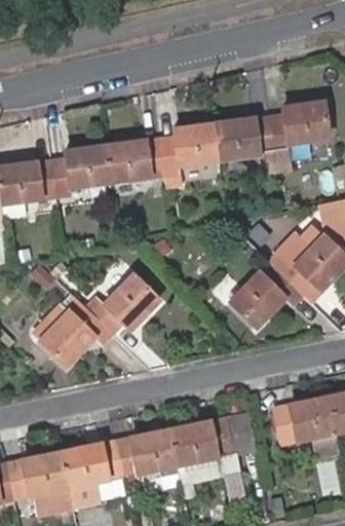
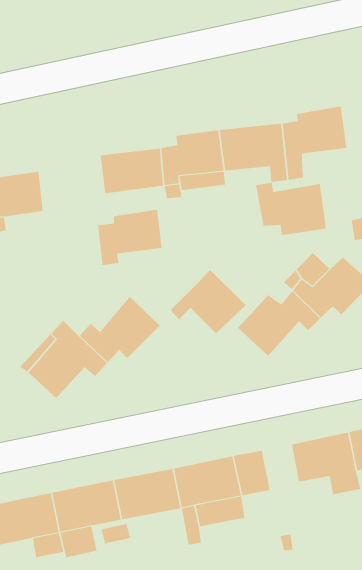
building: [49,147,108,197] -> [97,209,163,265]
building: none -> [256,182,326,236]
building: none -> [170,269,246,334]

